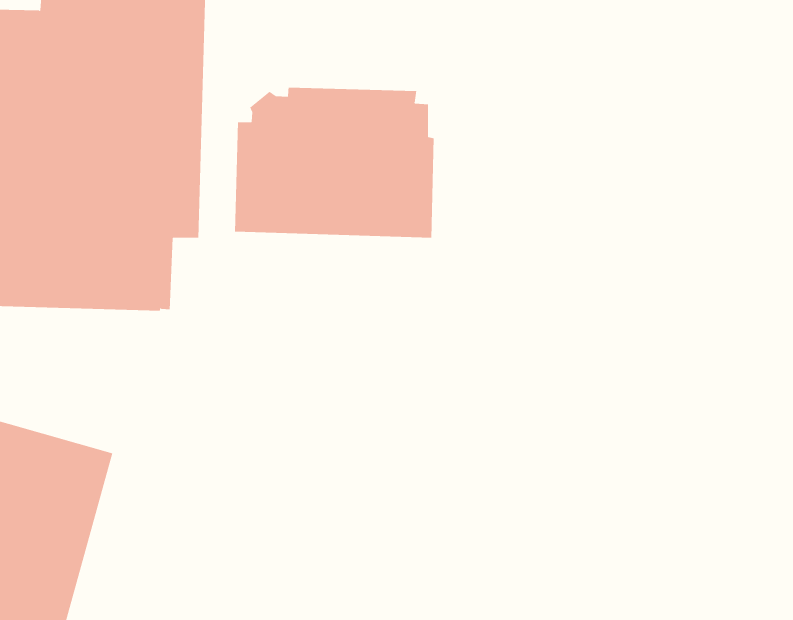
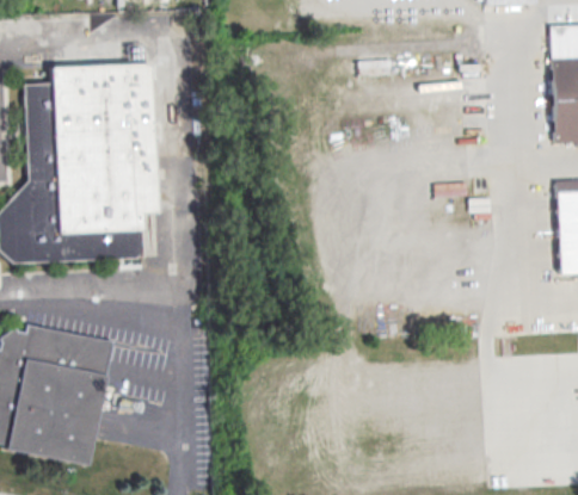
building: [234,87,434,239] -> none

